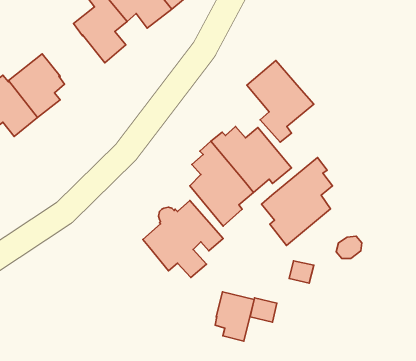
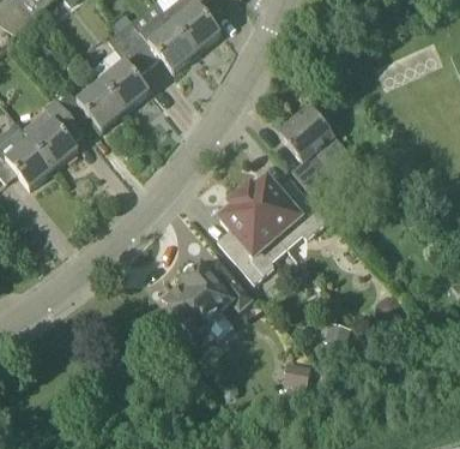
building: none -> [58,79,125,130]
building: [262,158,333,245] -> none
building: [215,292,254,341] -> none

